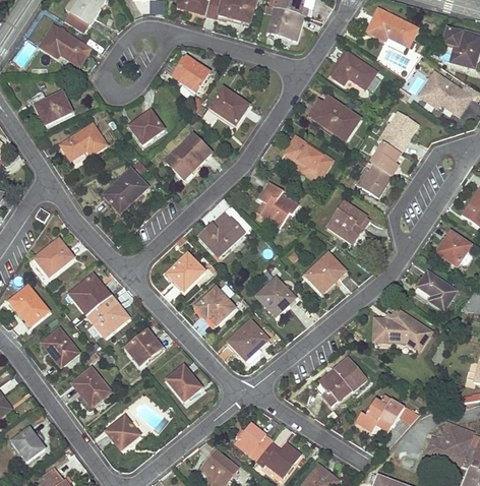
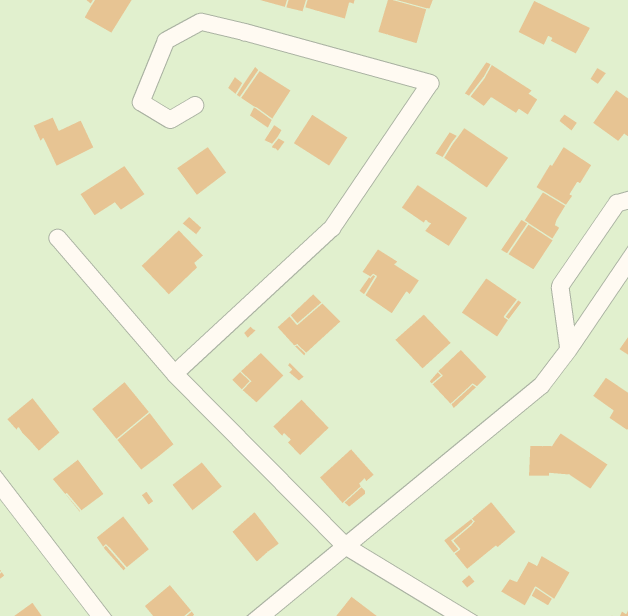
building: [39,24,88,64] -> none
building: [166,134,208,177] -> none
building: [35,239,72,276] -> none
building: [255,277,295,315] -> [395,314,452,369]

